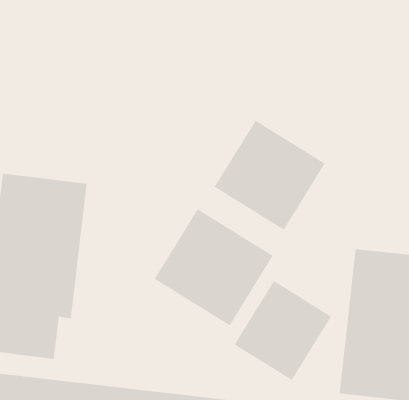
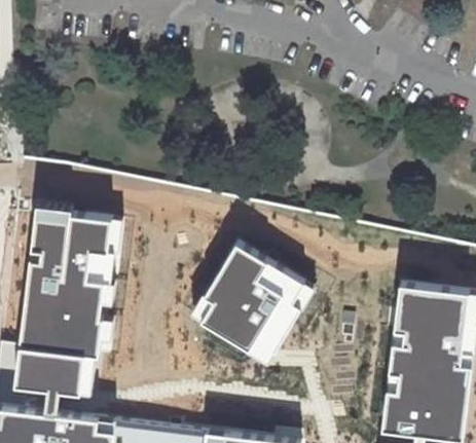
building: [214,120,326,230] -> none
building: [234,280,332,381] -> none

